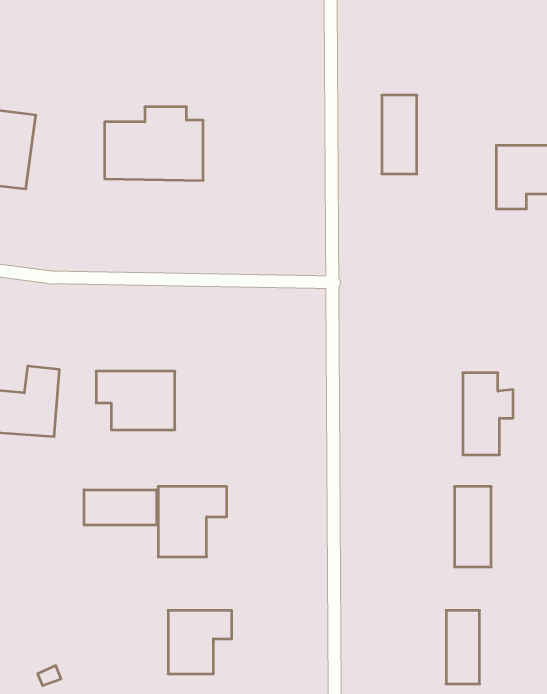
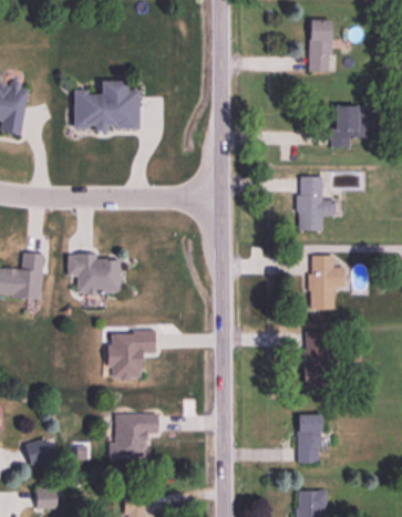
building: [382,95,417,174] -> [309,20,332,72]
building: none -> [298,177,334,231]
building: [84,490,156,525] -> none

